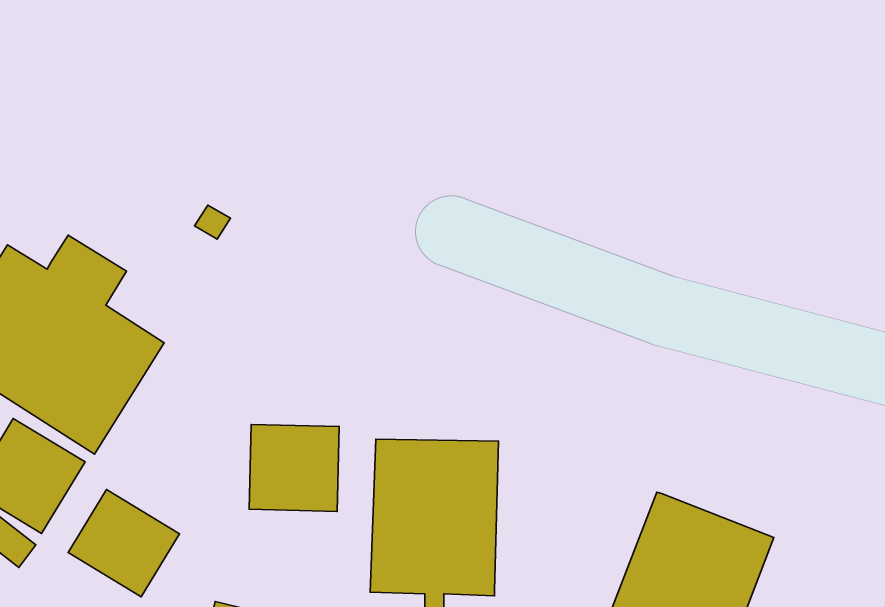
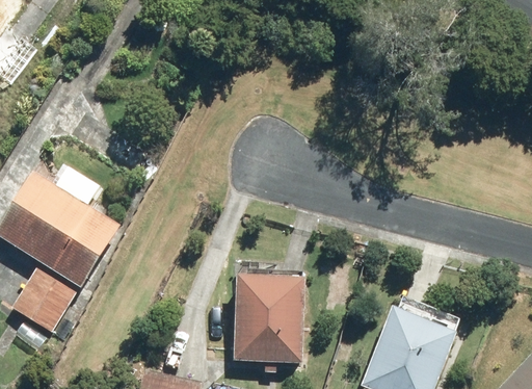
building: [249,424,339,511] -> none
building: [68,490,179,597] -> none

